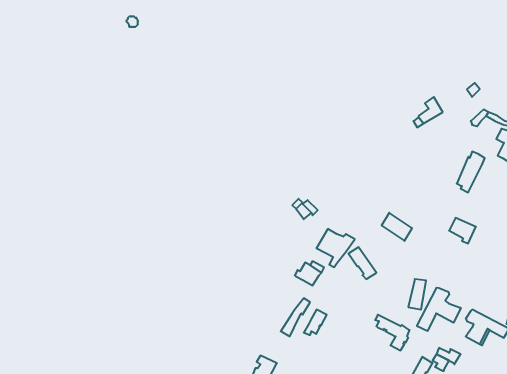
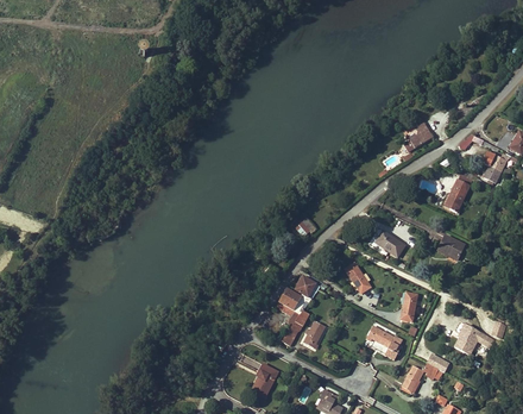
building: [316,229,355,267] -> [275,289,310,325]
building: [417,288,461,331] -> none

